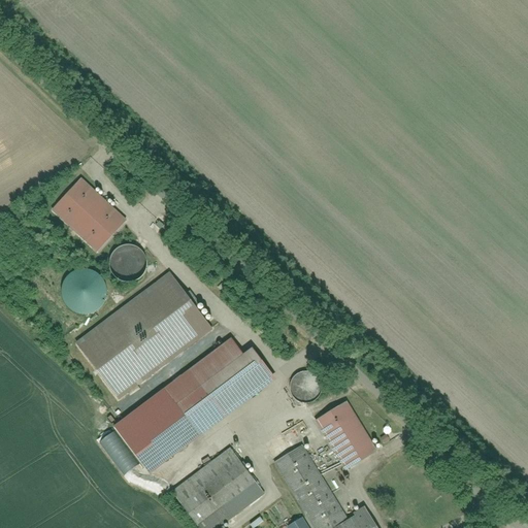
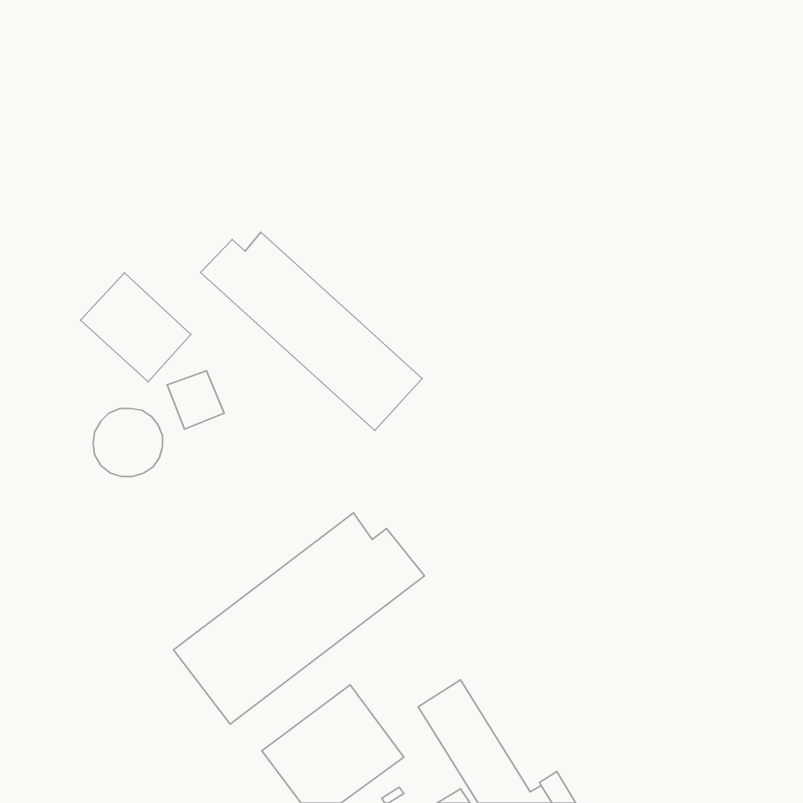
building: none -> [201,232,422,430]
building: [74,271,211,399] -> none
building: [292,372,318,397] -> none
building: [317,400,376,468] -> none

